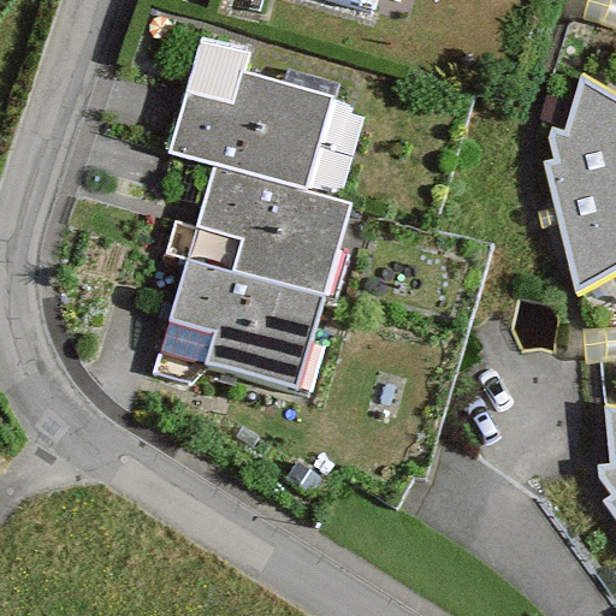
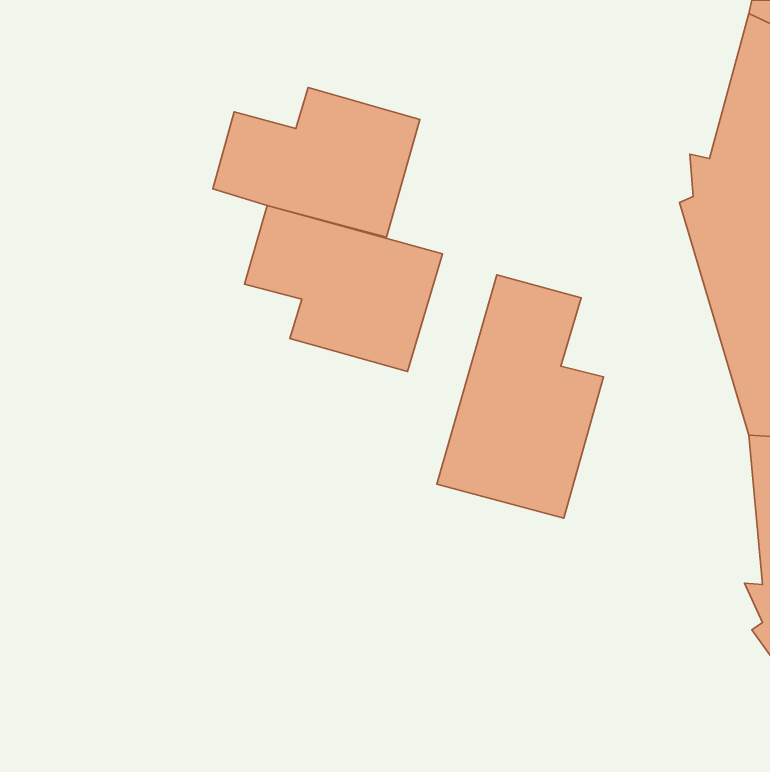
building: none -> [437,275,603,518]
building: [171,257,326,390] -> none

